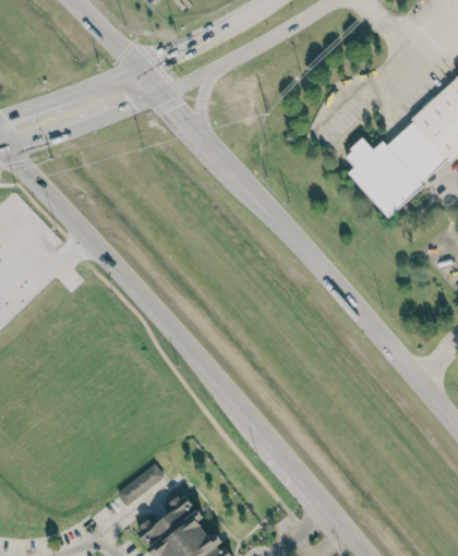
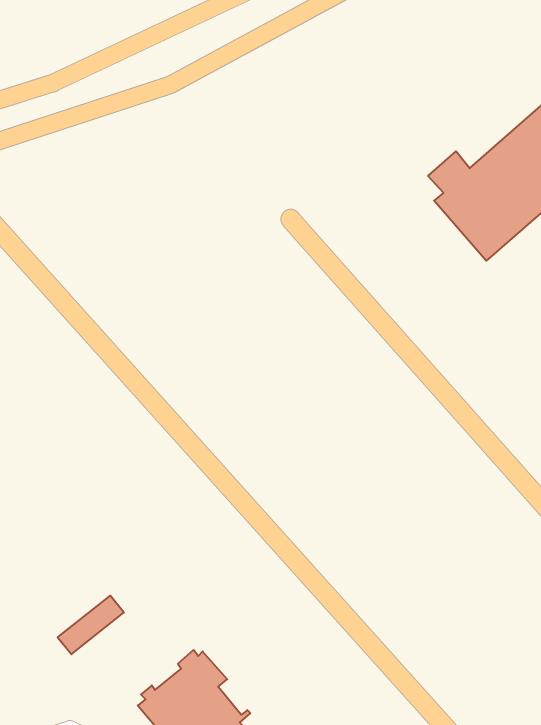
building: [117,463,164,505] -> [58,596,124,654]

